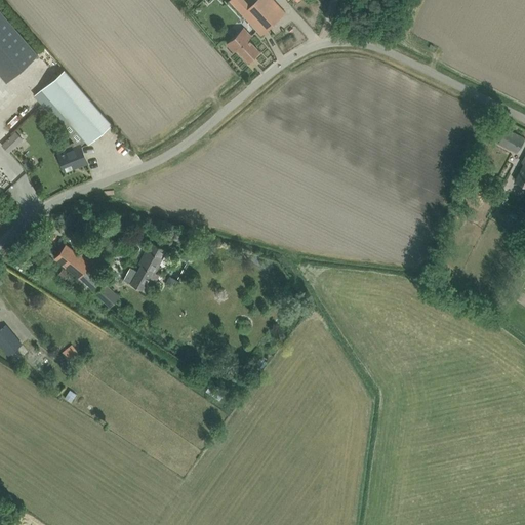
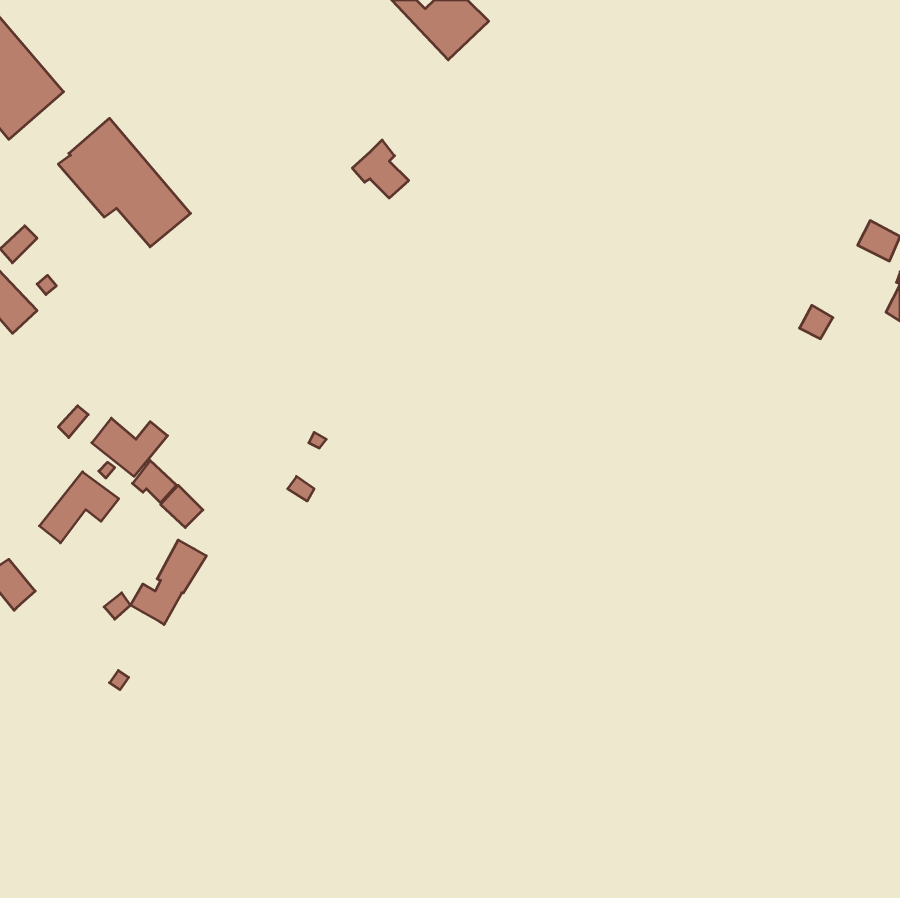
building: [226,29,258,63] -> [352,140,409,198]
building: [57,144,86,171] -> none
building: [122,243,166,292] -> [131,540,206,625]
building: none -> [39,472,119,543]

